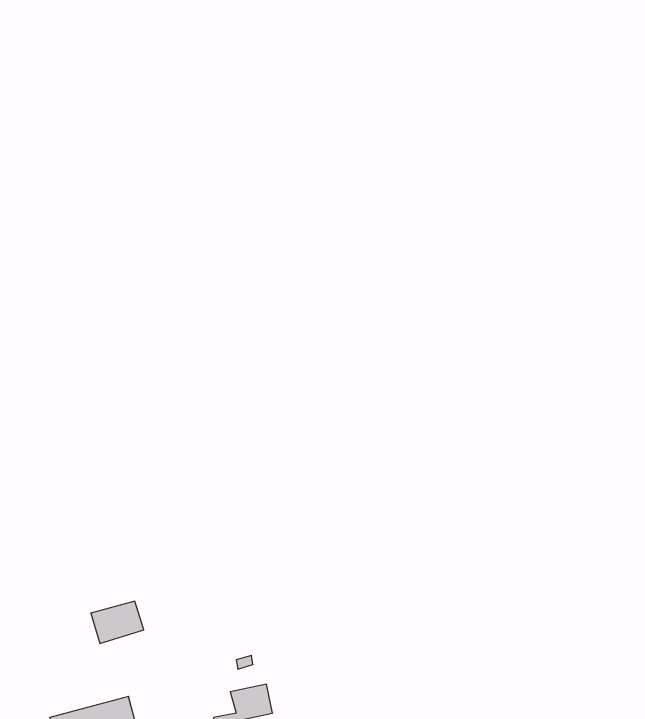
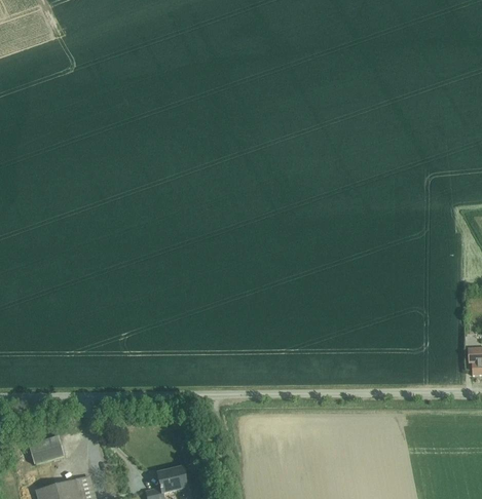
building: [91,601,144,644] -> [28,436,64,465]

